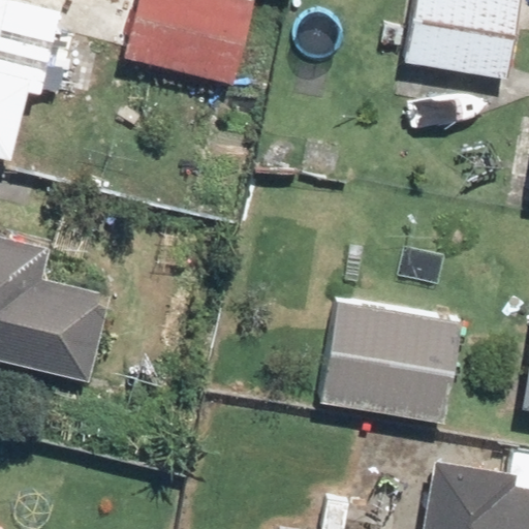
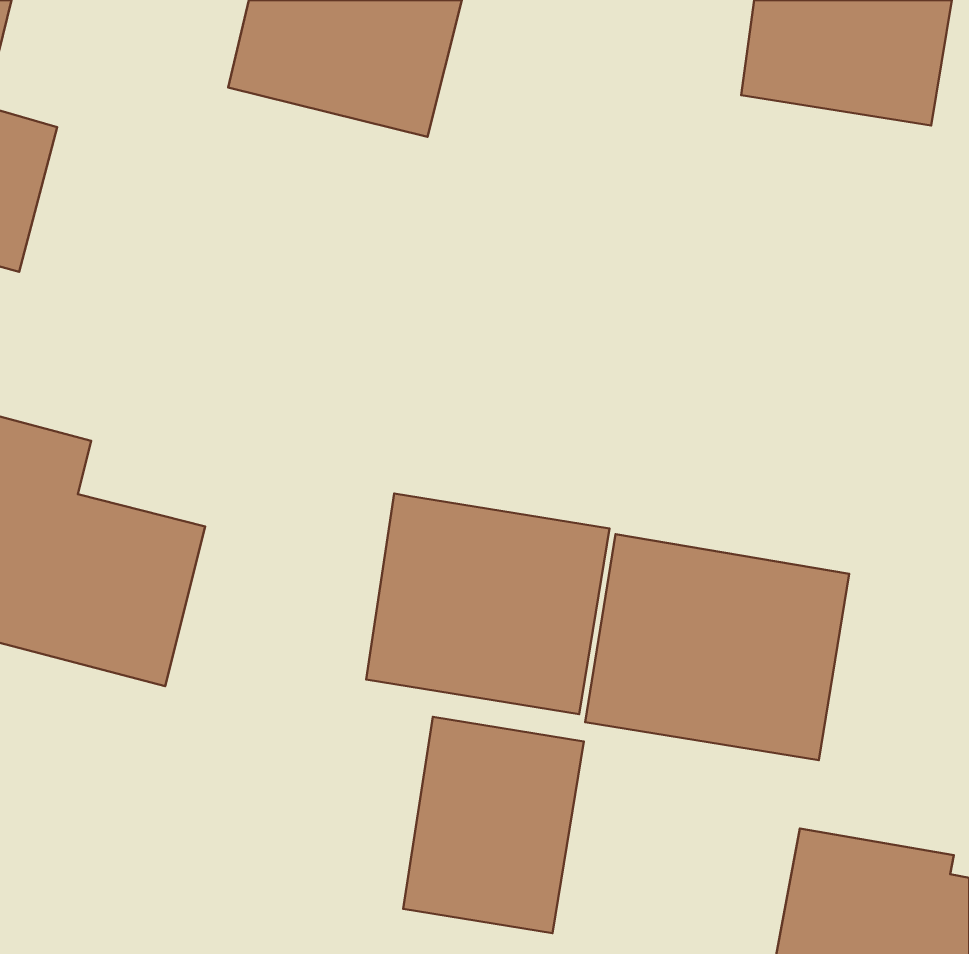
building: none -> [366,493,609,714]
building: none -> [403,717,584,933]

